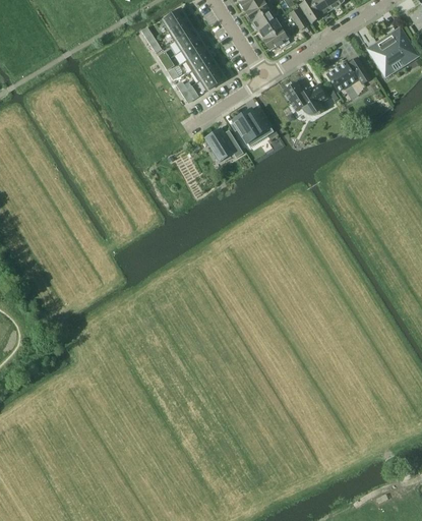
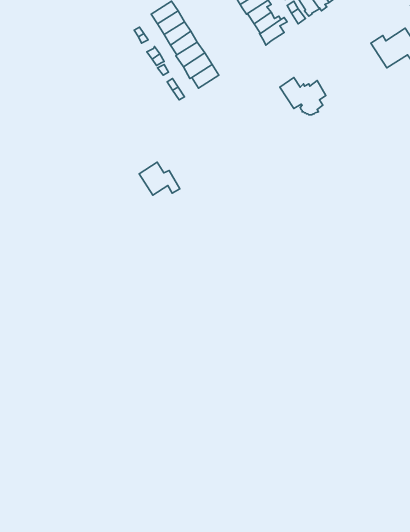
building: [325,57,370,92] -> none
building: [230,110,273,148] -> none
building: [203,128,242,160] -> [139,162,180,195]

